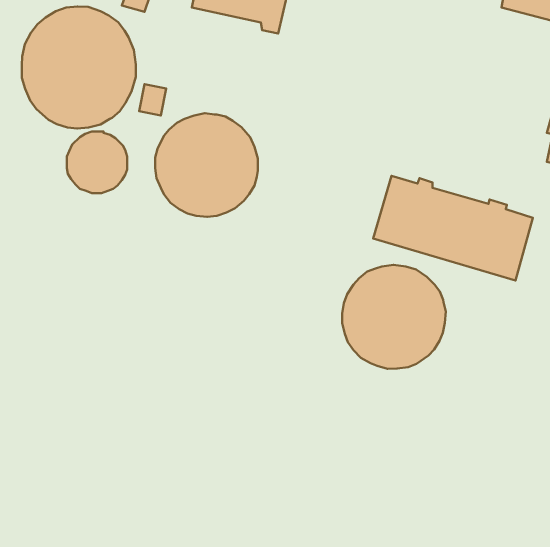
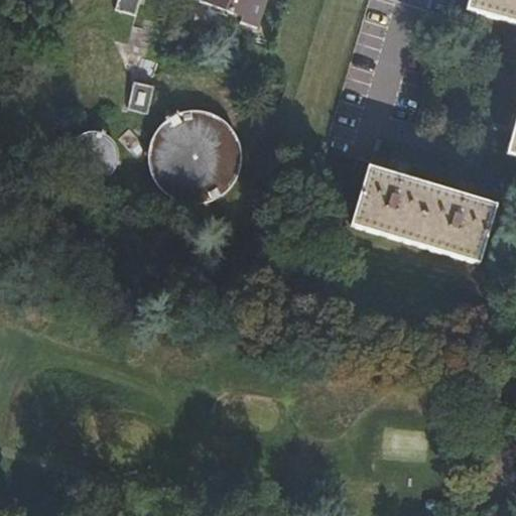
building: [22,6,136,129] -> none
building: [342,265,446,369] -> none

